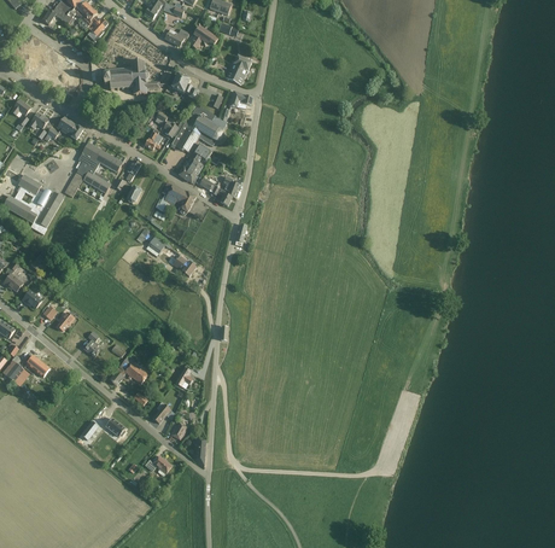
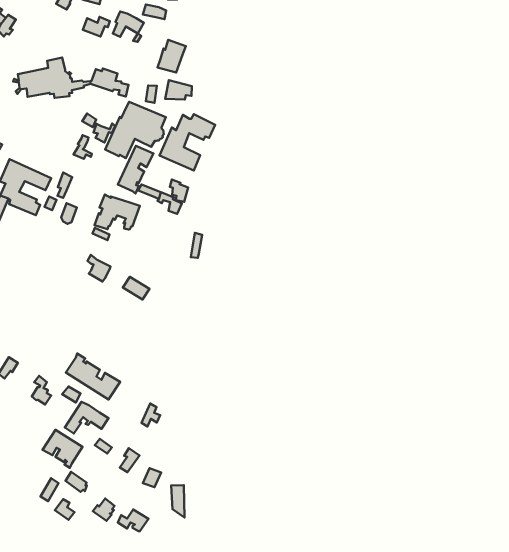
building: none -> [159,114,215,170]
building: none -> [66,353,120,400]
building: none -> [42,430,83,468]

